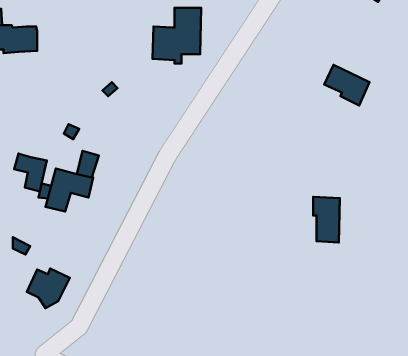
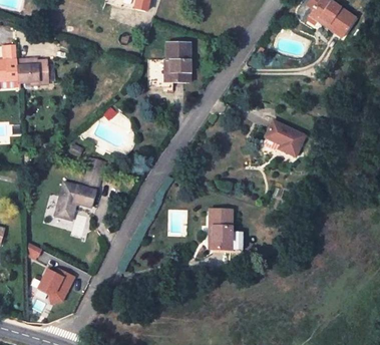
building: [324,65,370,105] -> [265,120,304,155]
building: [14,154,47,192] -> none
building: [313,197,340,242] -> [209,210,232,249]

